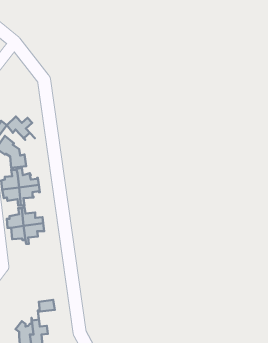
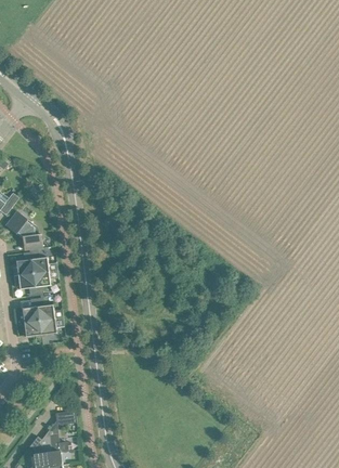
building: [7,117,35,140] -> none

